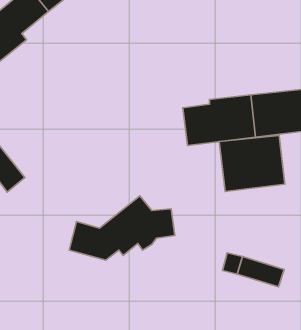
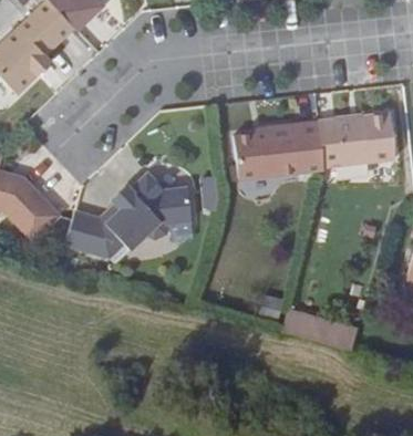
building: [219,135,285,191] -> none
building: [69,196,175,260] -> [61,173,188,250]

